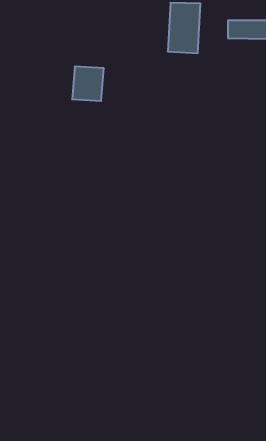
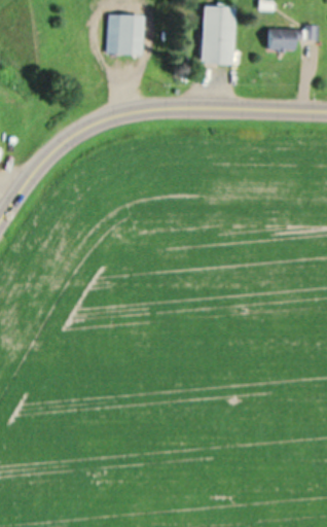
building: [72,66,104,101] -> [106,14,143,55]

